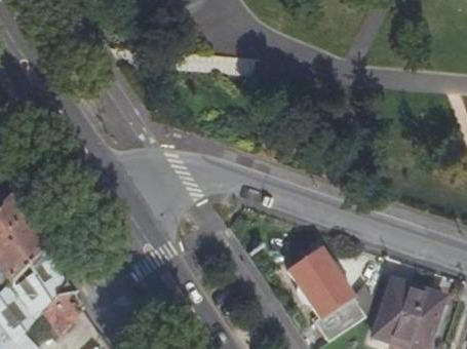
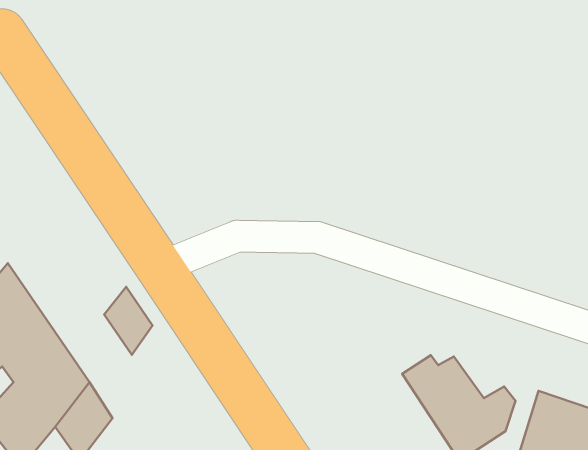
building: none -> [104,287,152,355]

